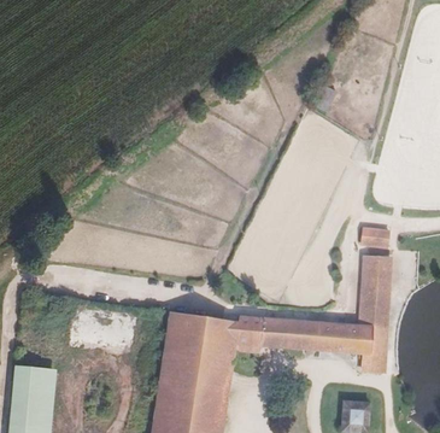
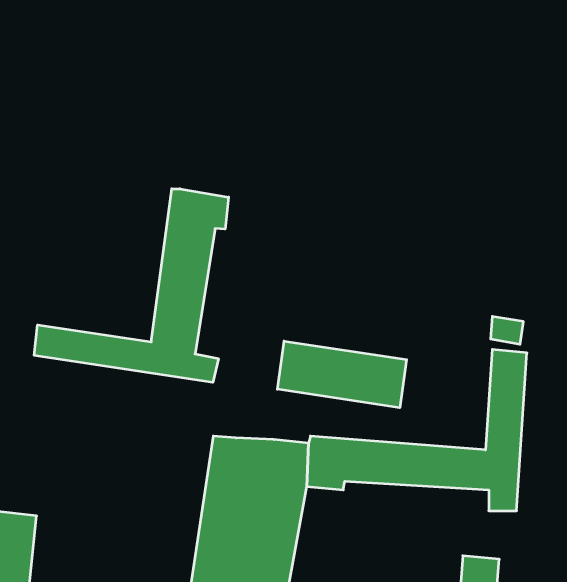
building: none -> [34,189,229,382]
building: none -> [277,341,407,408]

